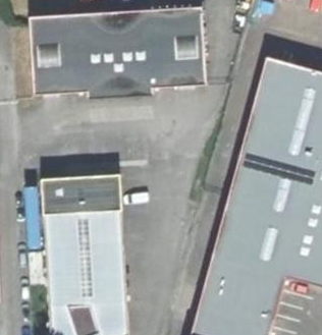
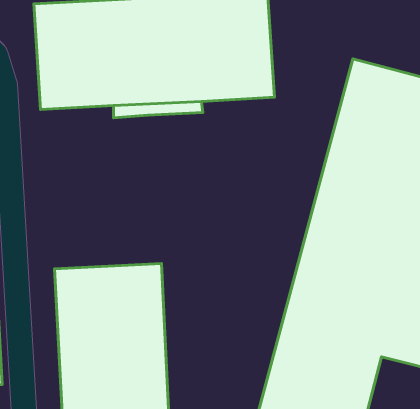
building: [42,174,122,213] -> none

